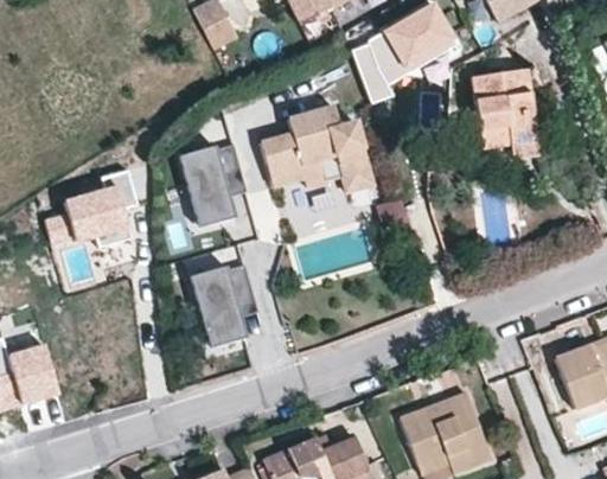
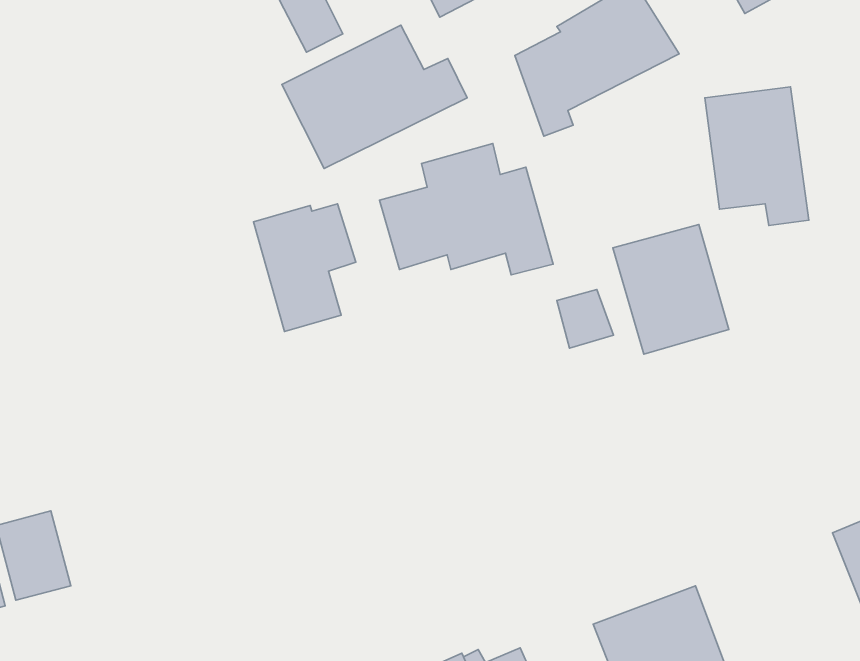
building: none -> [282,25,467,169]
building: none -> [613,225,729,354]
building: [44,171,136,248] -> none
building: [191,266,257,349] -> none

